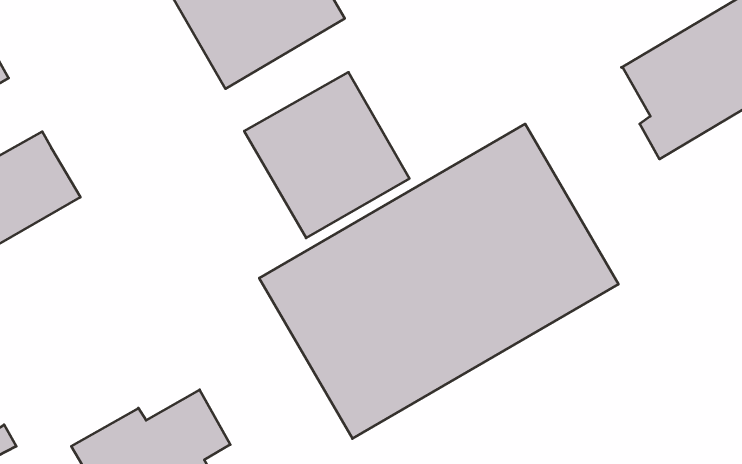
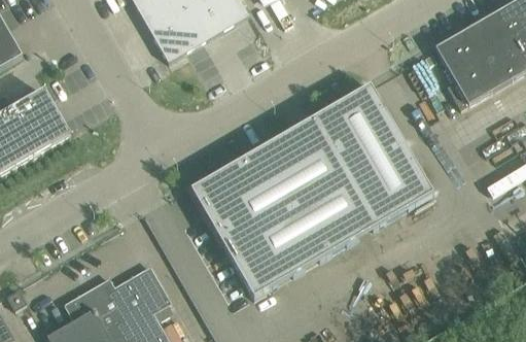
building: [244,72,409,238] -> none

